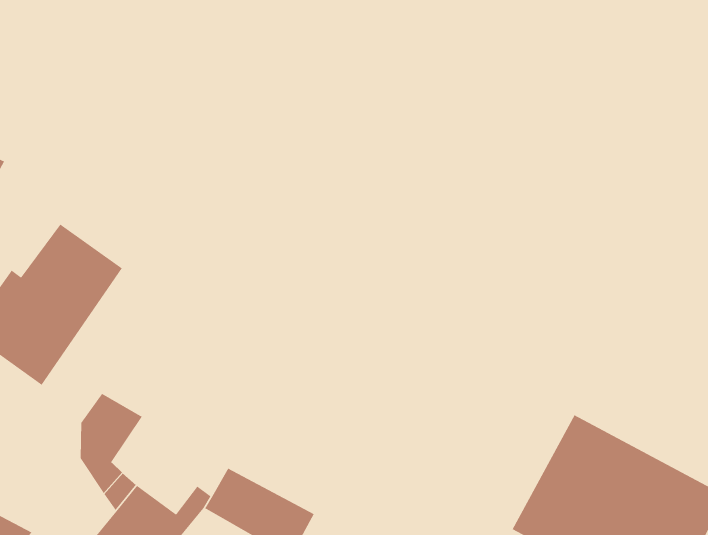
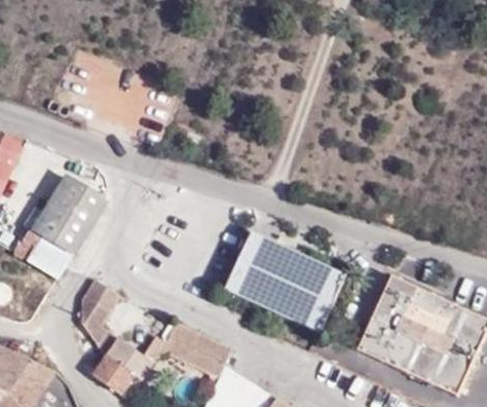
building: none -> [240,232,360,332]

